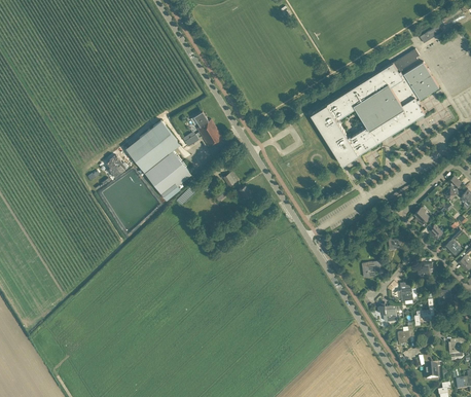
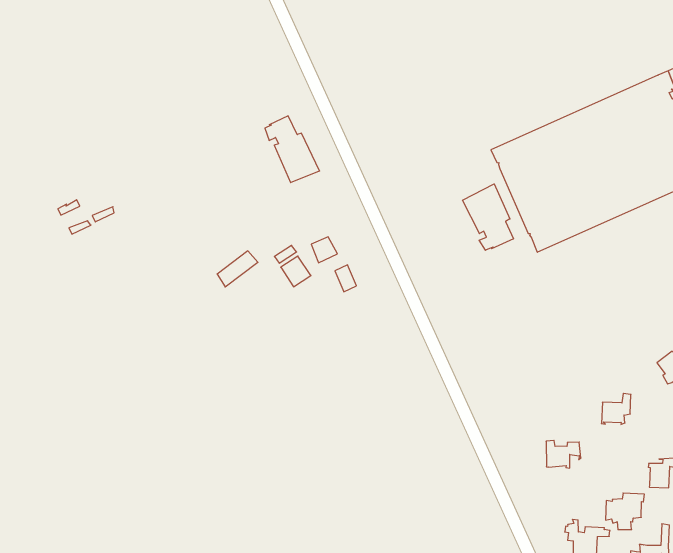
building: [128,119,189,199] -> none
building: none -> [463,184,513,250]

